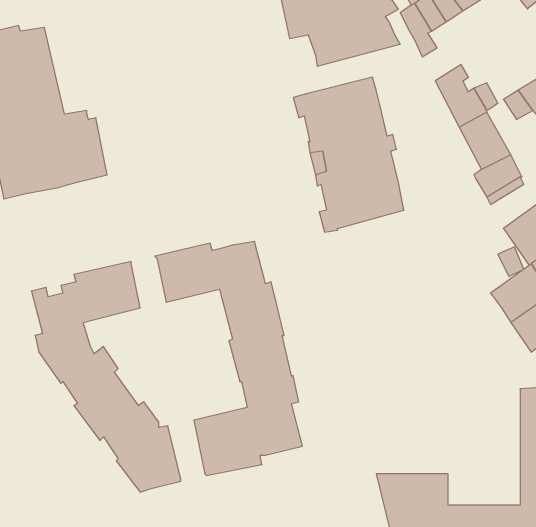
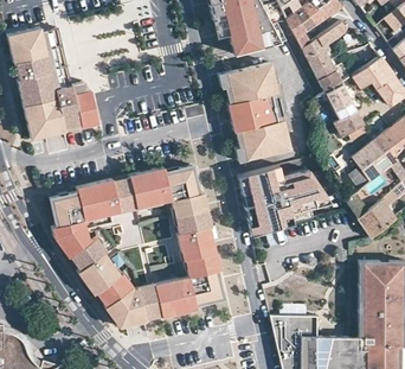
building: none -> [301,21,349,63]
building: none -> [239,165,333,234]
building: none -> [114,177,136,209]
building: none -> [137,280,161,319]

